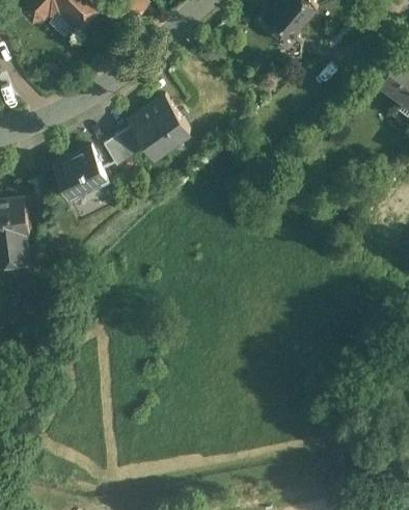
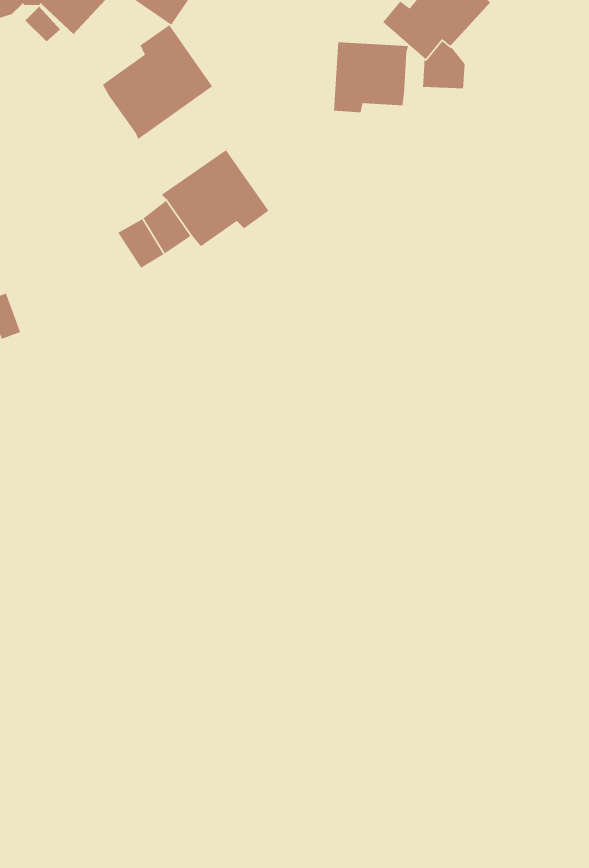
building: none -> [102,24,213,140]
building: none -> [333,42,409,113]
building: [53,147,105,196] -> none

